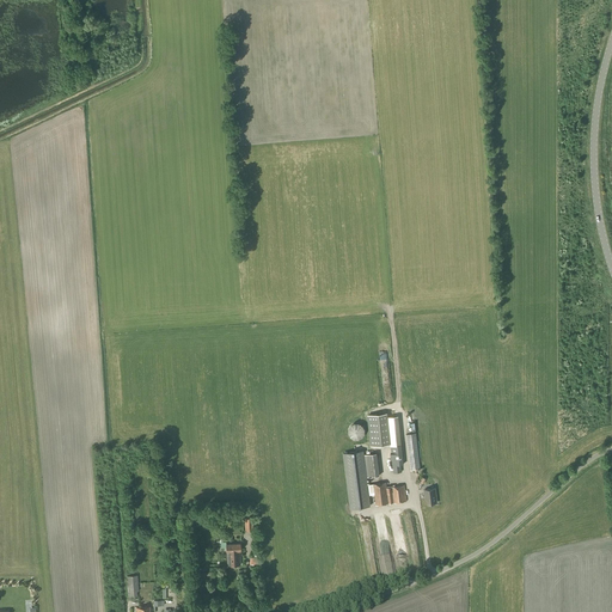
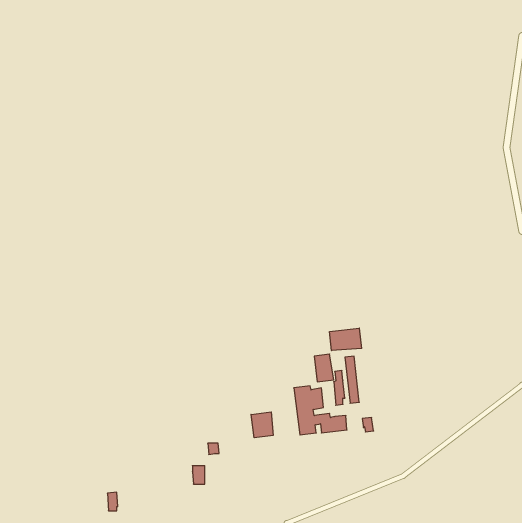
building: none -> [330,328,362,351]
building: none -> [251,412,273,438]

